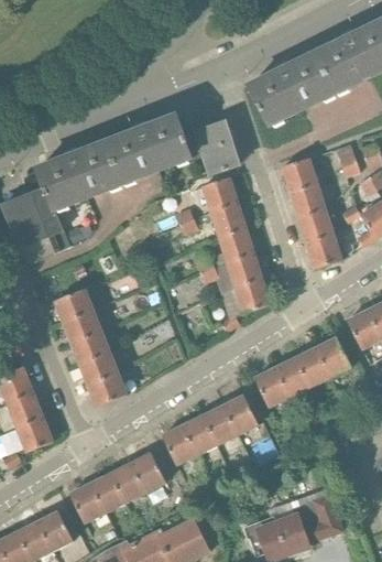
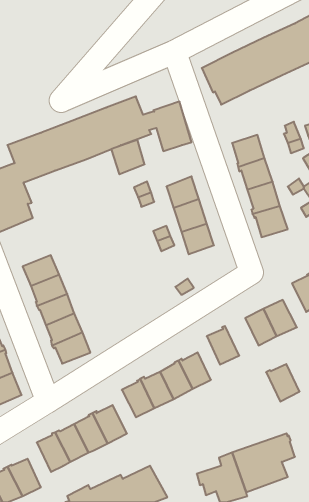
building: [200,176,237,214] -> [111,140,145,174]
building: [233,278,270,313] -> none
building: [273,357,309,398] -> [266,364,300,402]

